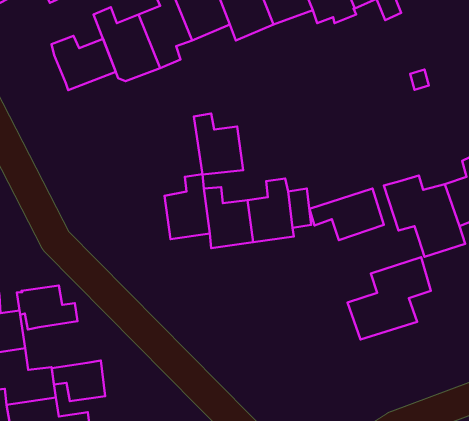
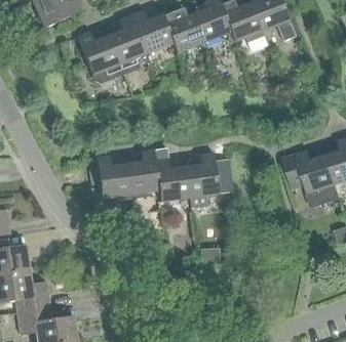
building: [51,36,116,90] -> none
building: [194,113,243,174] -> [97,155,131,198]
building: [309,188,384,240] -> none
building: [348,257,431,339] -> none
building: [17,286,77,330] -> none
building: [52,361,105,401] -> none

